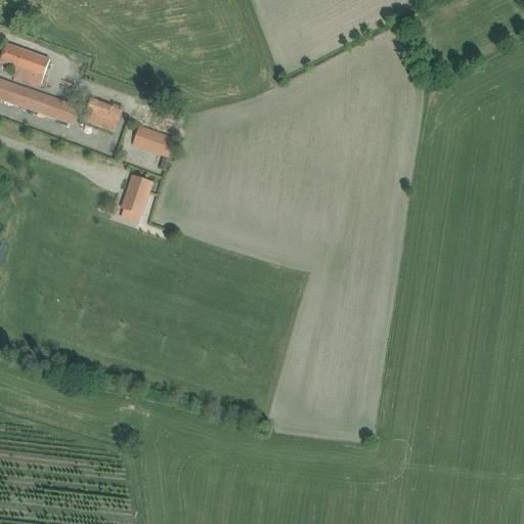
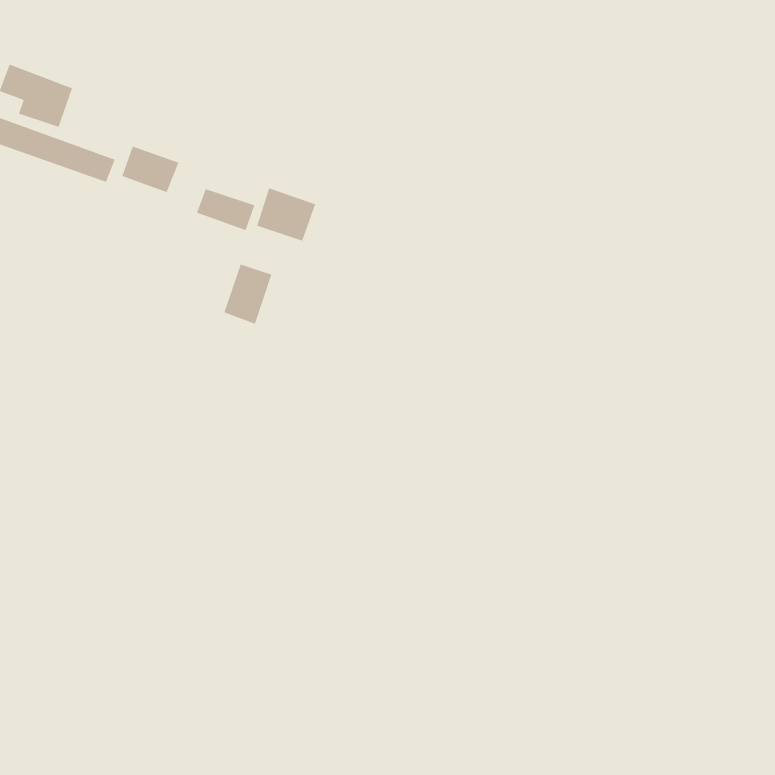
building: none -> [257,187,316,242]
building: [120,175,152,216] -> [223,264,272,325]

